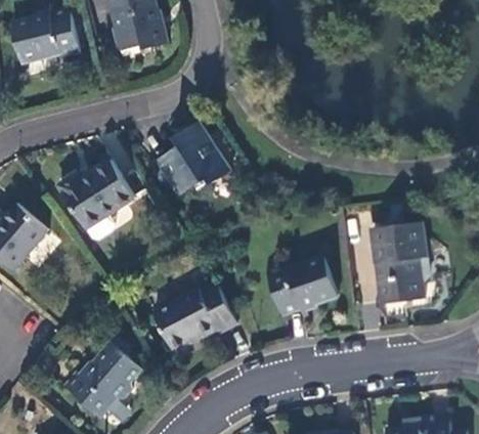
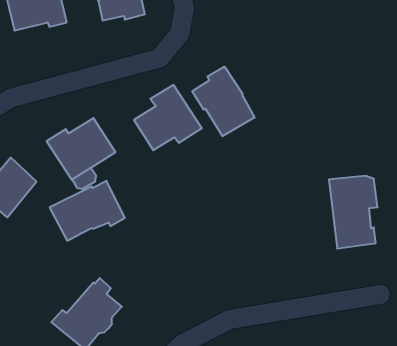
building: none -> [192,67,255,136]
building: [267,257,337,314] -> none
building: [151,283,235,349] -> [50,181,125,241]

